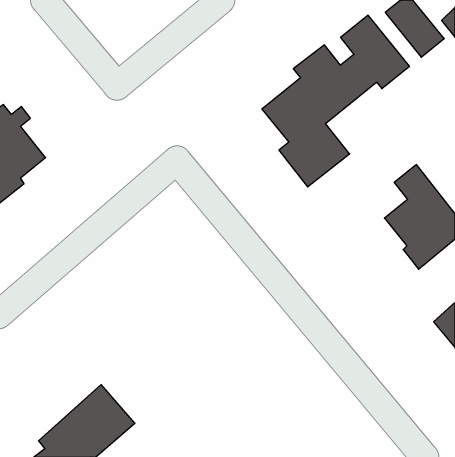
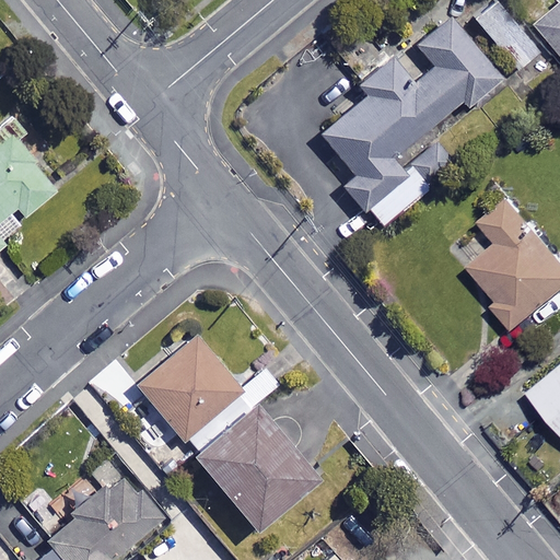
building: none -> [135,335,244,443]
building: none -> [197,408,318,532]

